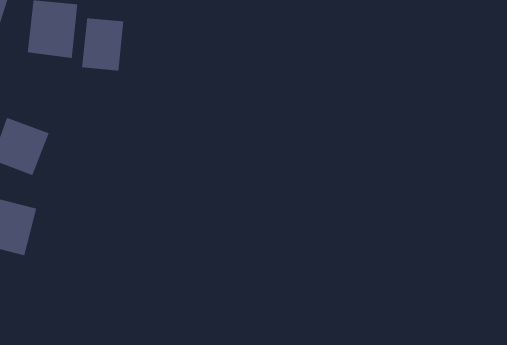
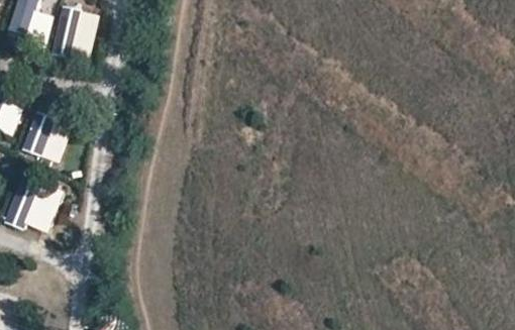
building: [81,17,124,71] -> none

